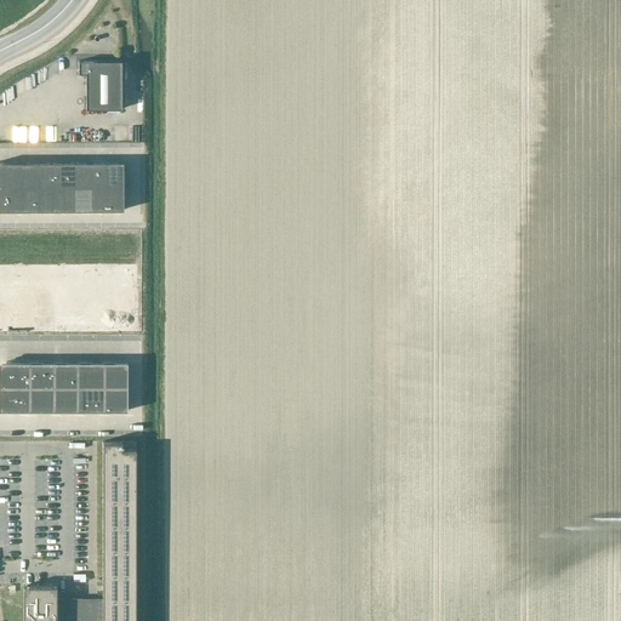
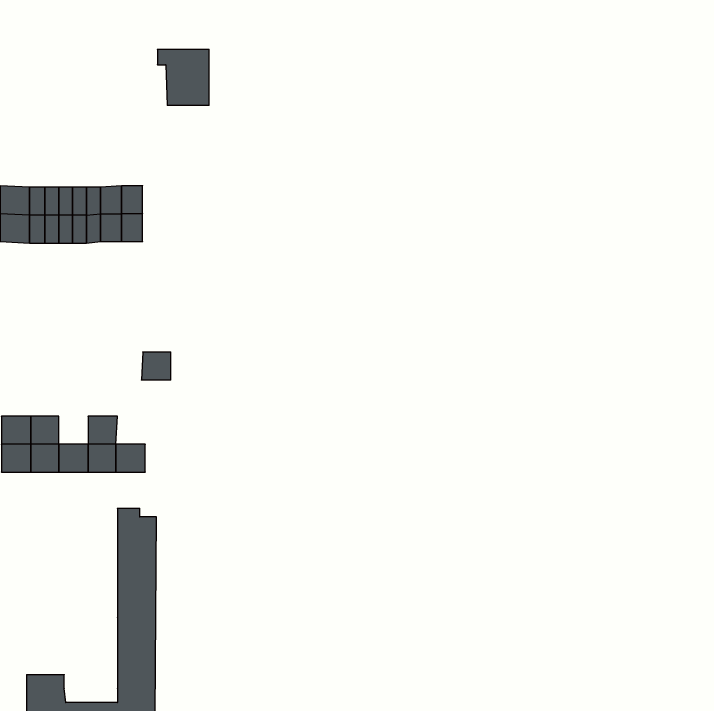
building: [78,63,123,112] -> [157,49,209,105]
building: [51,364,76,388] -> none
building: [101,364,126,388] -> [141,352,171,380]

